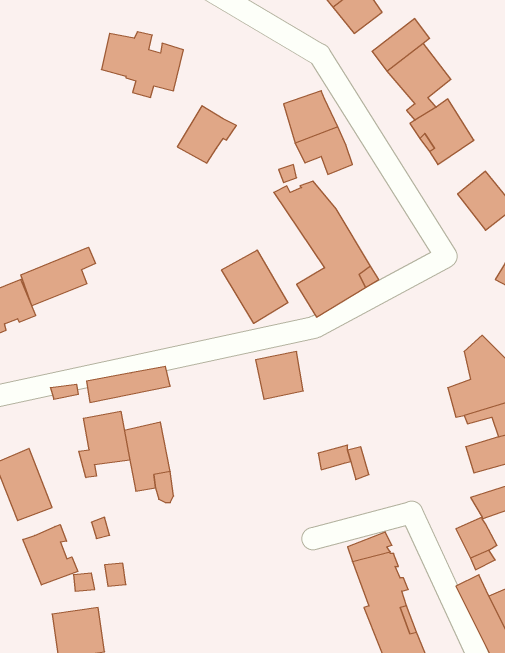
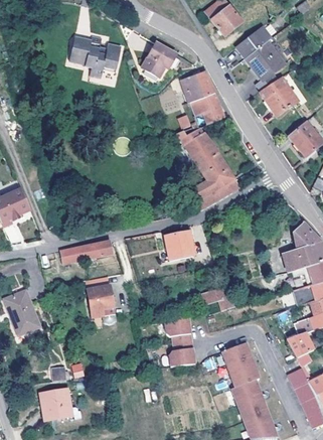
building: [177,106,236,163] -> [140,41,176,77]
building: [21,247,96,306] -> none
building: [222,250,288,323] -> none
building: [79,411,130,478] -> none
building: none -> [164,316,194,364]
building: [23,525,78,585] -> none

